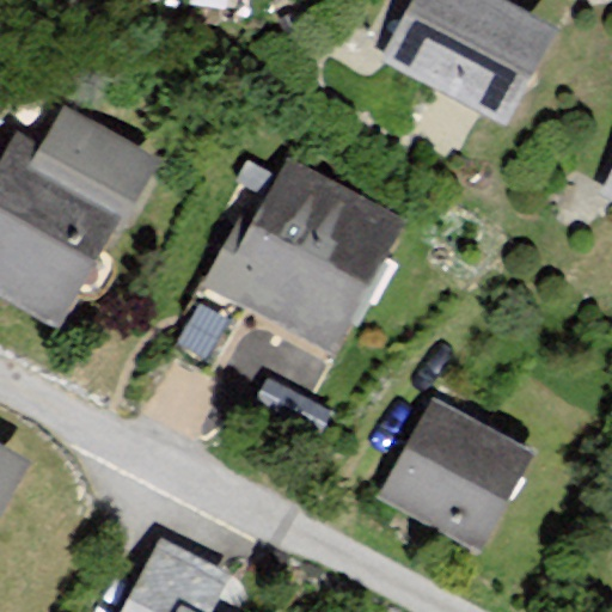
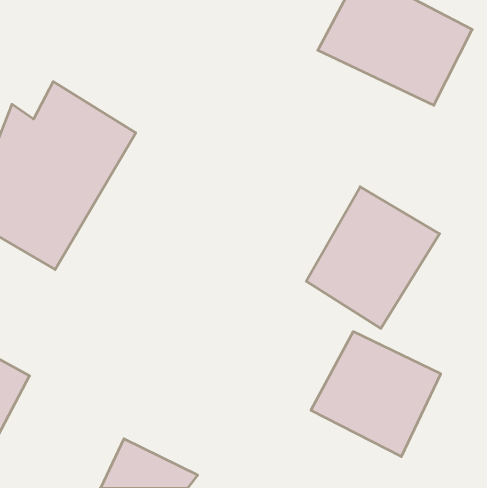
building: [198,154,405,355] -> none
building: none -> [306,187,440,328]

